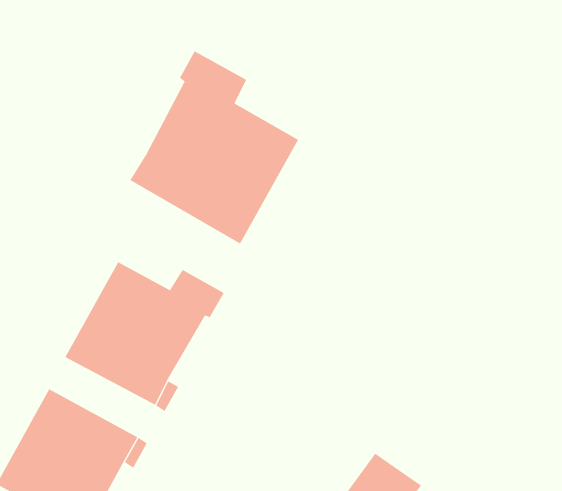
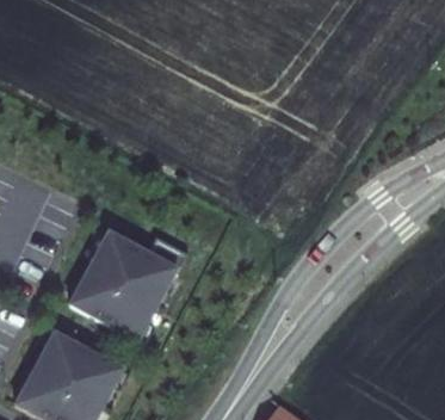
building: [130,50,299,244] -> none

